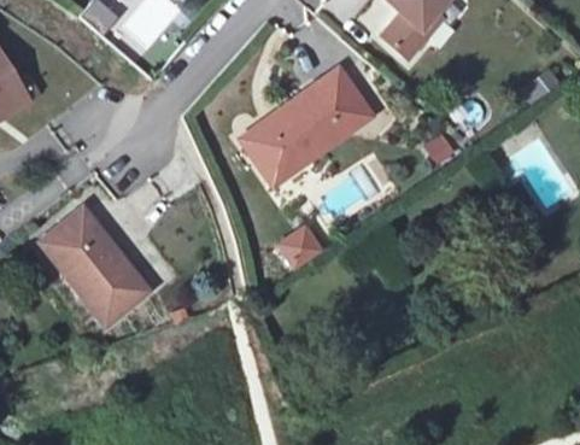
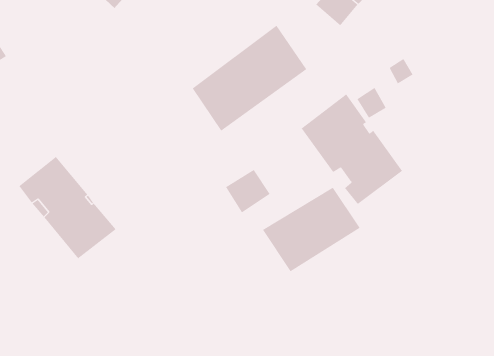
building: none -> [301,94,403,205]
building: none -> [262,187,361,272]

